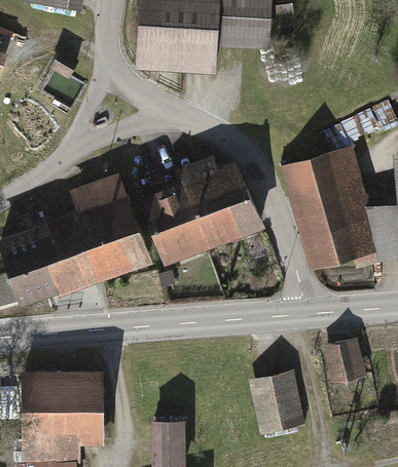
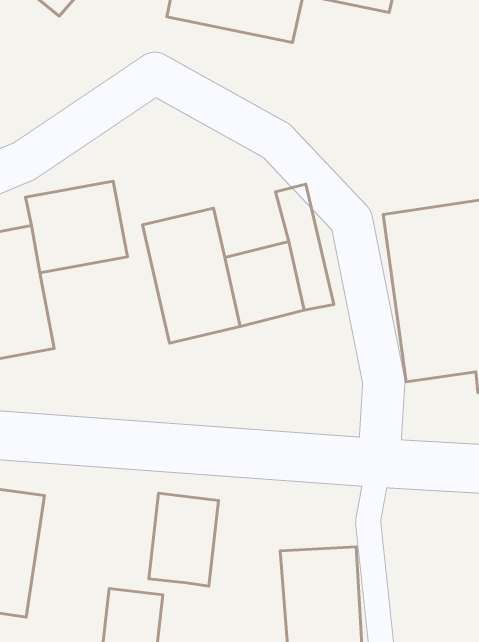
building: [174,153,227,208] -> none
building: [80,217,147,278] -> none
building: [323,337,365,385] -> none
building: none -> [149,493,219,586]

